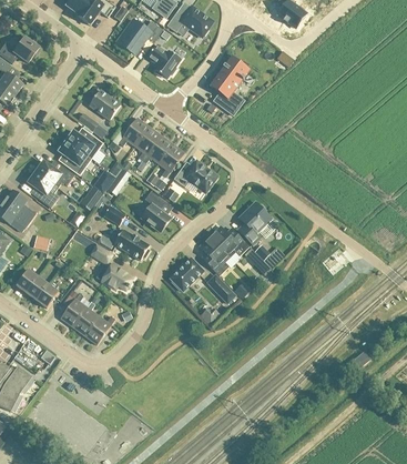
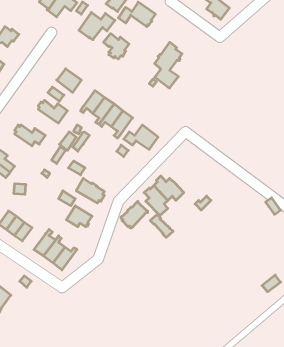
building: [58,141,91,175] -> none
building: [28,172,58,208] -> none
building: [141,191,170,232] -> none
building: [238,202,269,245] -> none

